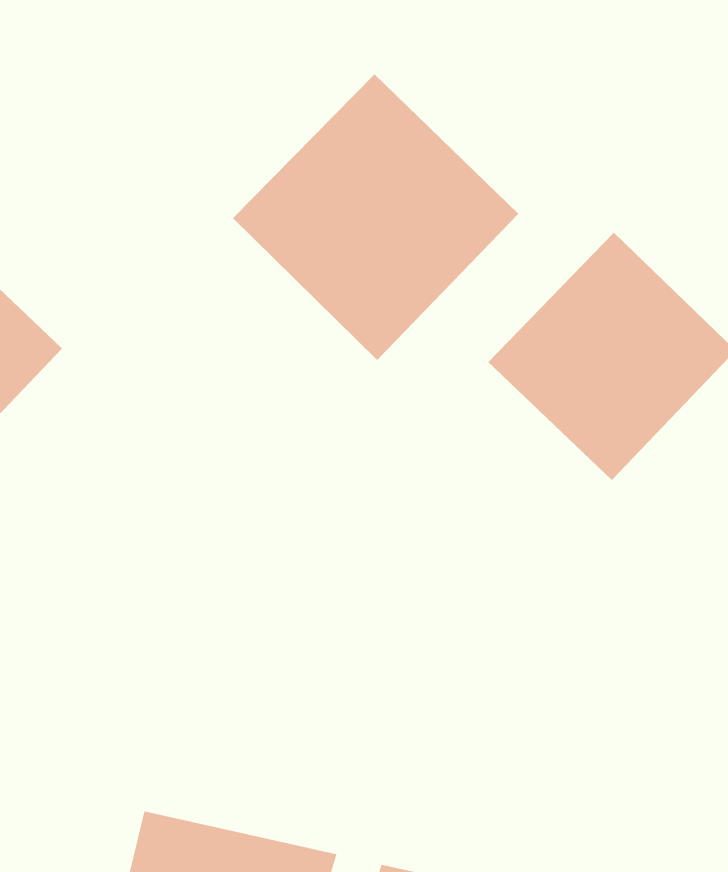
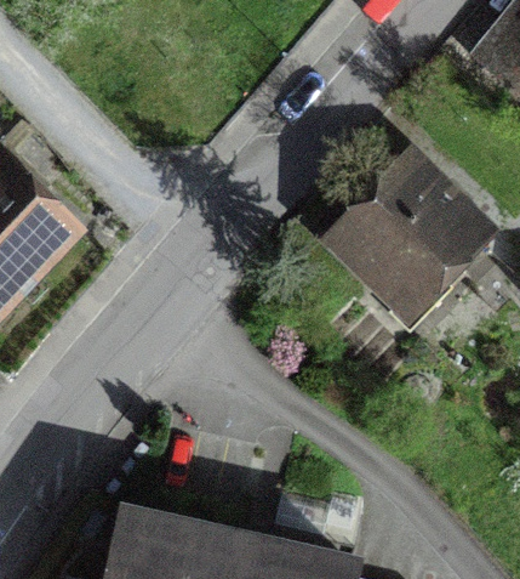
building: [232,73,519,361] -> none

